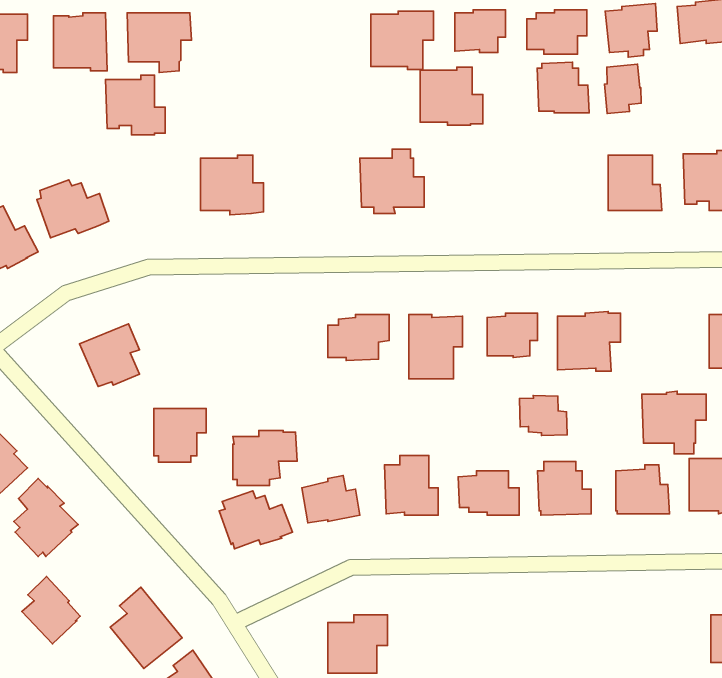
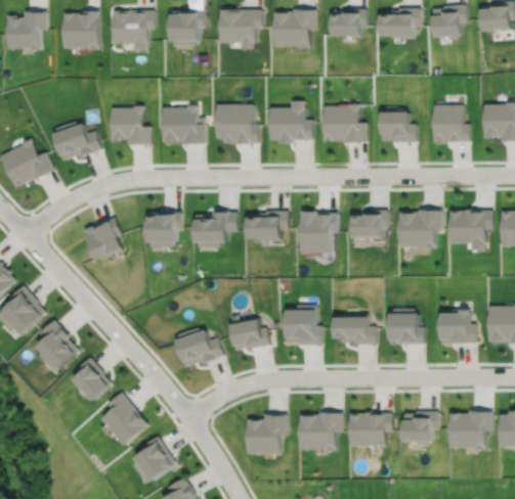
building: none -> [220,9,263,49]
building: none -> [171,10,205,45]
building: [537,62,589,113] -> [381,108,416,142]
building: [605,64,641,113] -> none
building: [420,67,483,125] -> [324,104,366,143]
building: [106,75,165,135] -> [110,105,149,145]
building: none -> [216,104,258,144]
building: [642,391,706,454] -> [449,210,492,252]
building: [519,396,567,436] -> none
building: [154,408,206,462] -> [146,213,181,248]
building: [233,430,297,486] -> [195,212,238,248]
building: [22,576,80,644] -> [73,359,112,404]
building: none -> [452,408,493,449]
building: none -> [301,410,343,448]
building: none -> [351,410,393,444]
building: none -> [405,410,439,443]

